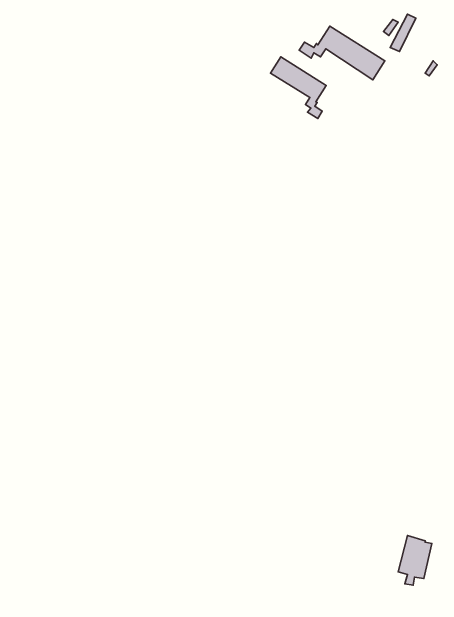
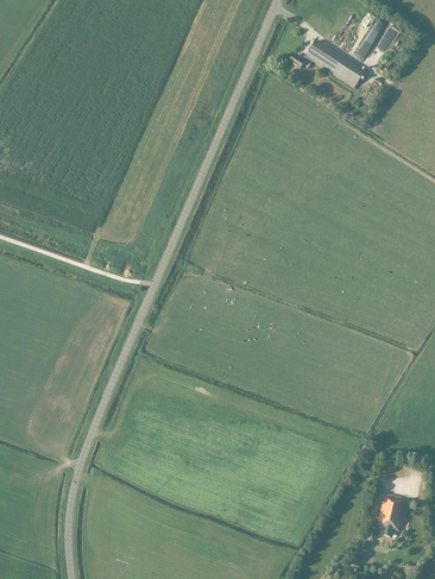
building: [270,57,326,118] -> none

